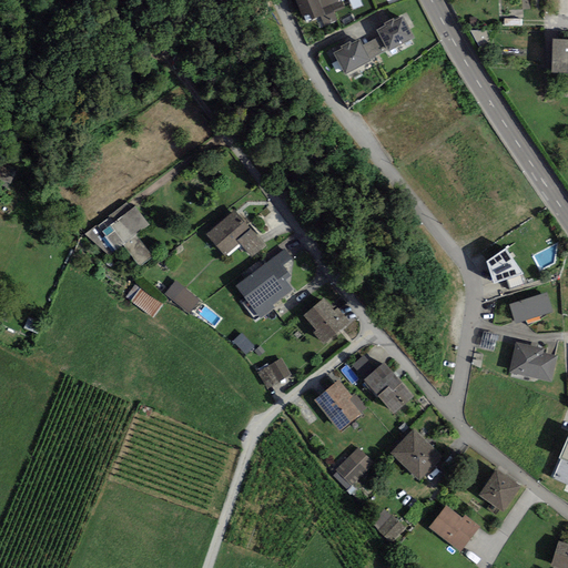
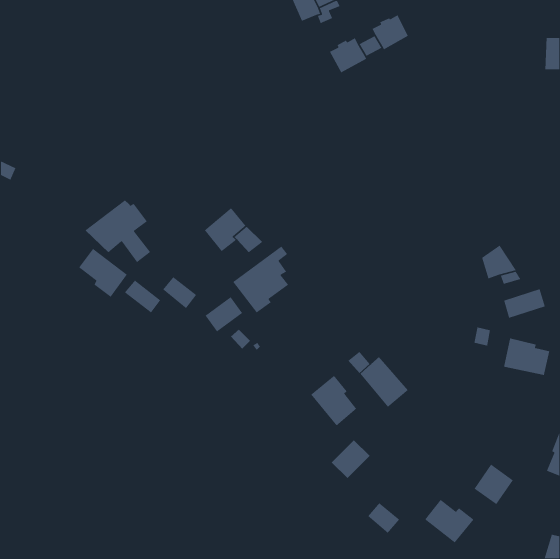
building: none -> [78,248,128,298]
building: [304,297,349,344] -> none
building: none -> [205,296,243,332]
building: [257,357,291,387] -> none
building: [390,428,443,480] -> none

